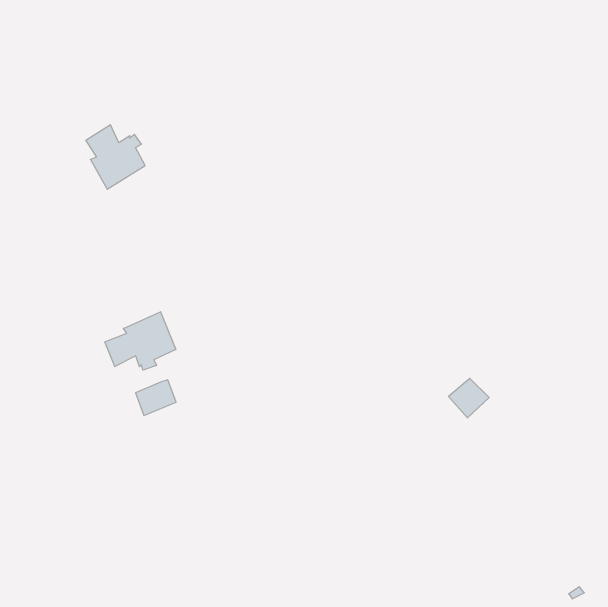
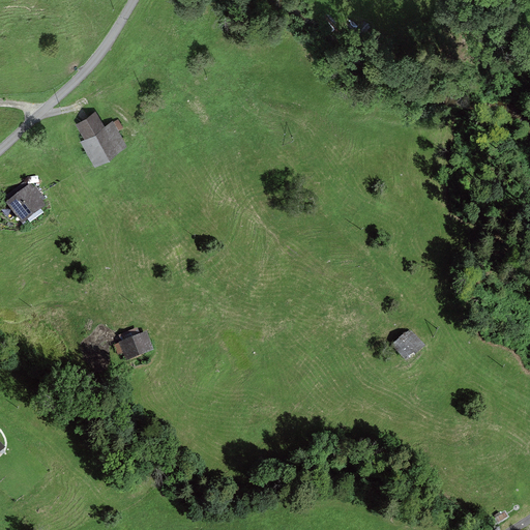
building: none -> [5,183,46,224]
building: [105,312,176,370] -> none

